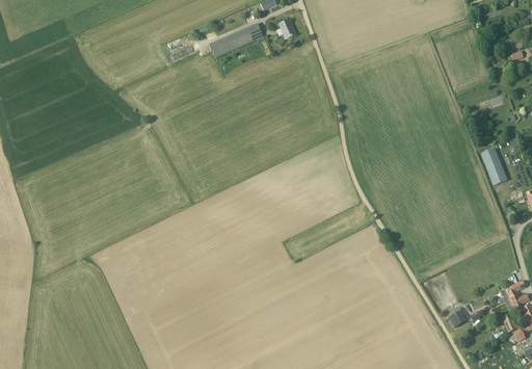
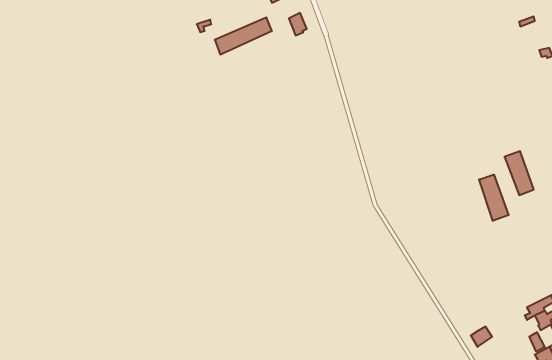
building: none -> [479,175,509,221]

